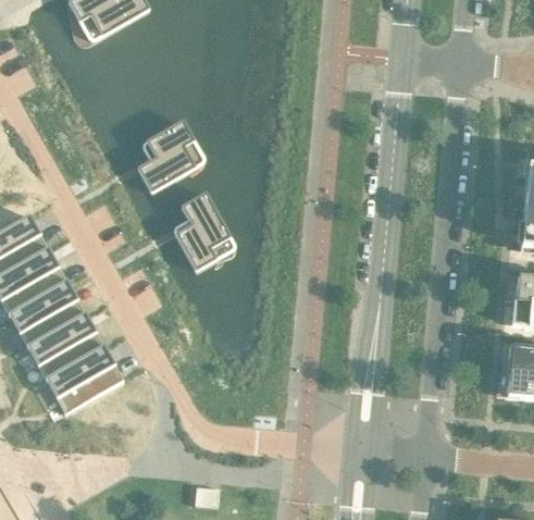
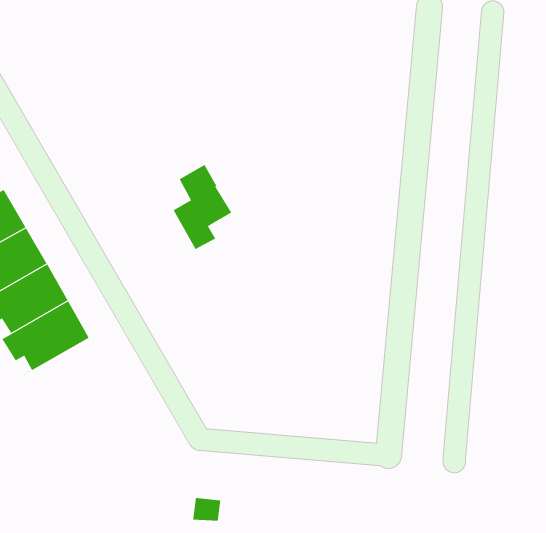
building: [136,123,193,191] -> none
building: [44,346,122,413] -> none

